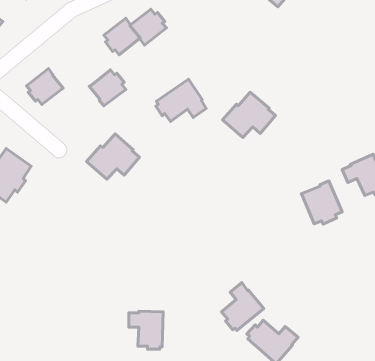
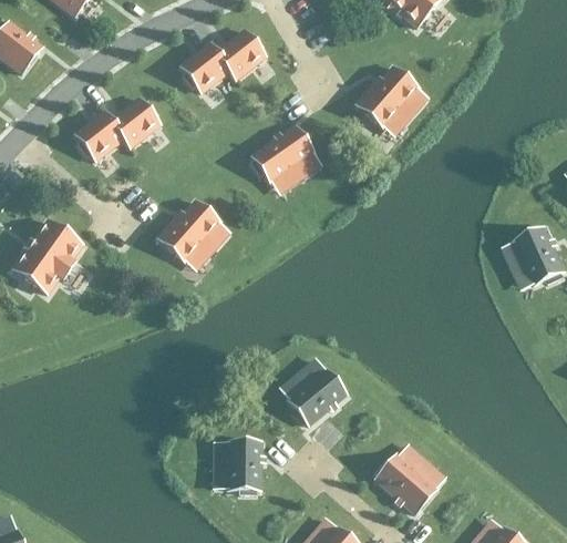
building: [89,70,126,106] -> [110,98,159,146]
building: [223,92,276,138] -> [354,65,426,127]
building: [301,181,342,224] -> none
building: [221,283,264,331] -> [287,359,344,424]

